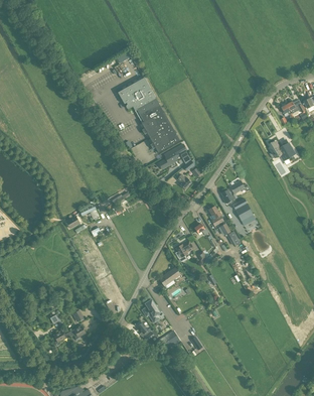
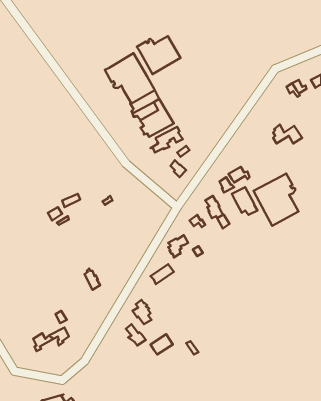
building: none -> [137,36,180,74]
building: none -> [253,173,298,226]

